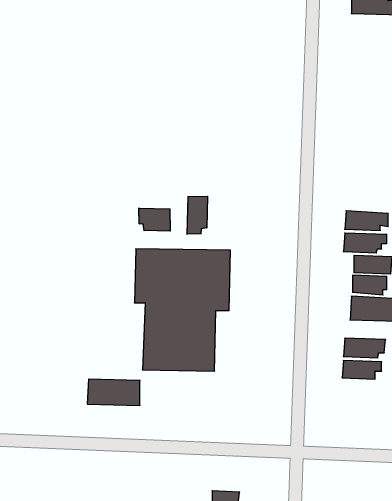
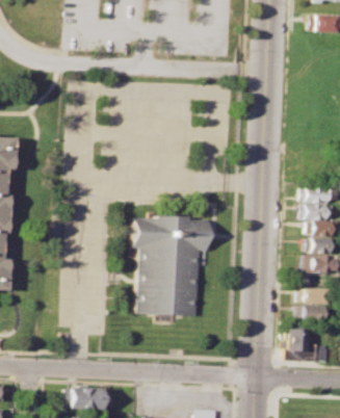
building: [187,196,207,234] -> none
building: [139,208,170,231] -> none
building: [87,379,140,405] -> [63,387,105,408]
building: none -> [285,328,326,362]

